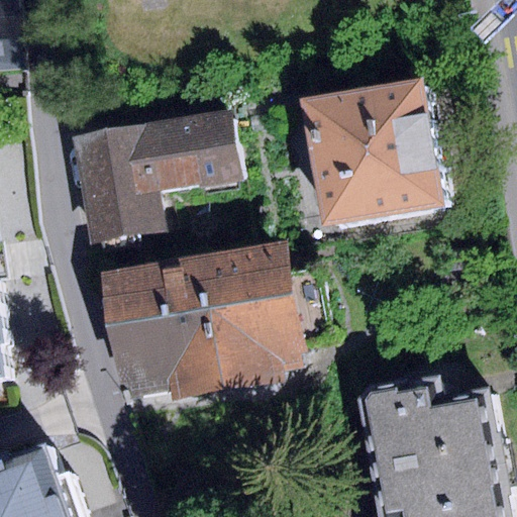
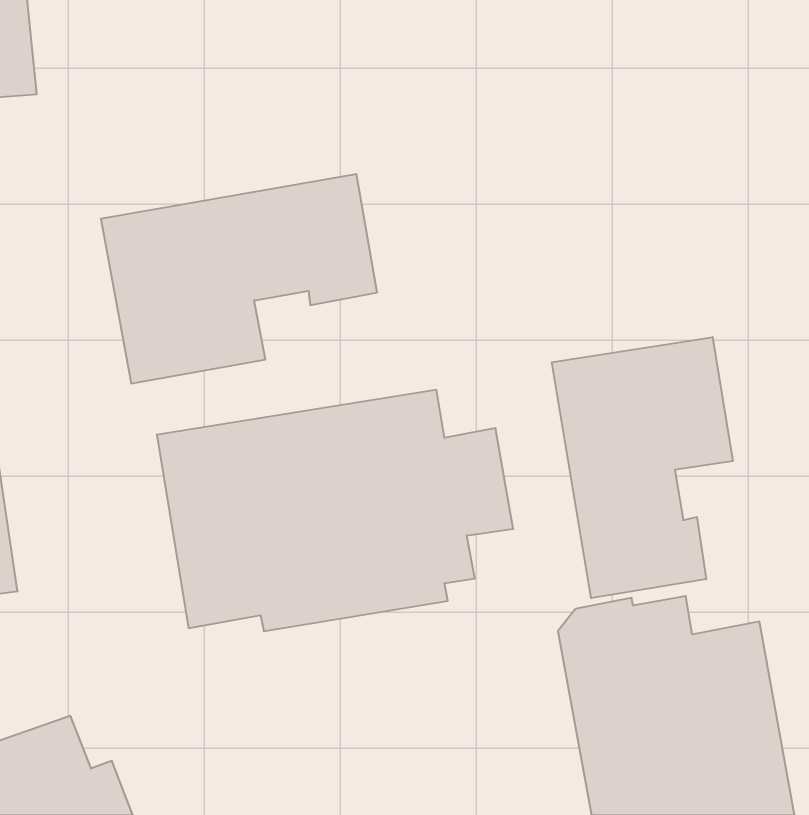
building: [305,81,448,228] -> none
building: none -> [552,337,733,598]

